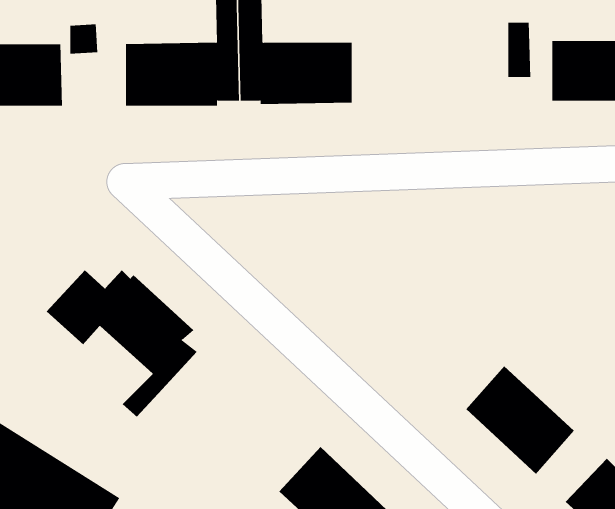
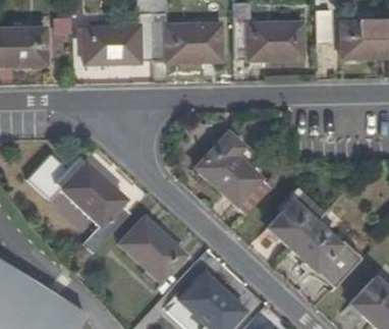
building: none -> [236,7,305,63]
building: none -> [197,141,273,214]
building: none -> [270,185,326,249]
building: none -> [119,215,185,281]

